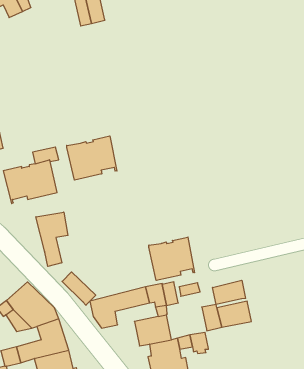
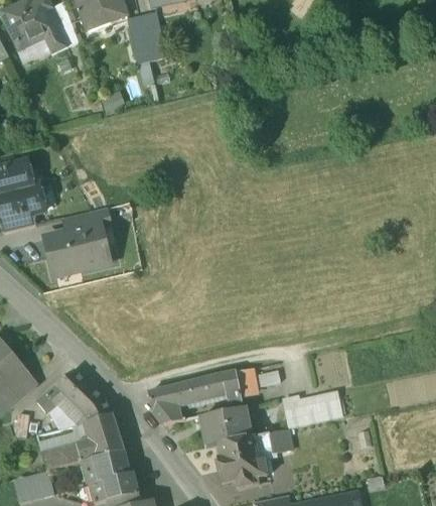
building: [67,136,117,180] -> none
building: [36,212,68,266] -> none
building: [149,237,195,280] -> none
building: [62,272,96,305] -> none
building: [213,280,246,305] -> none

